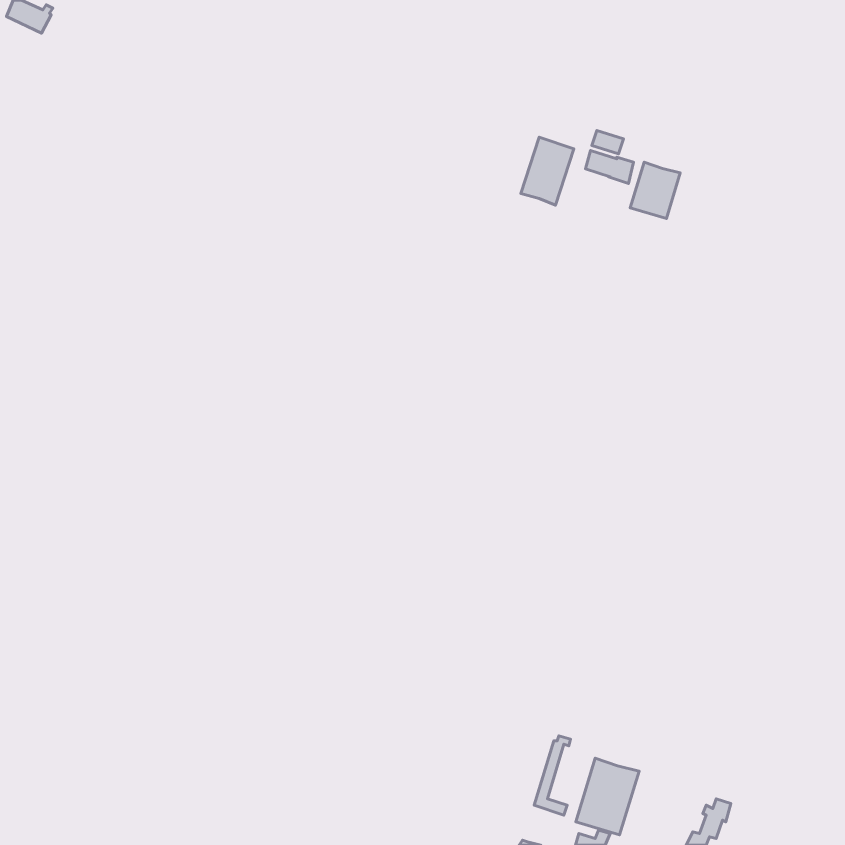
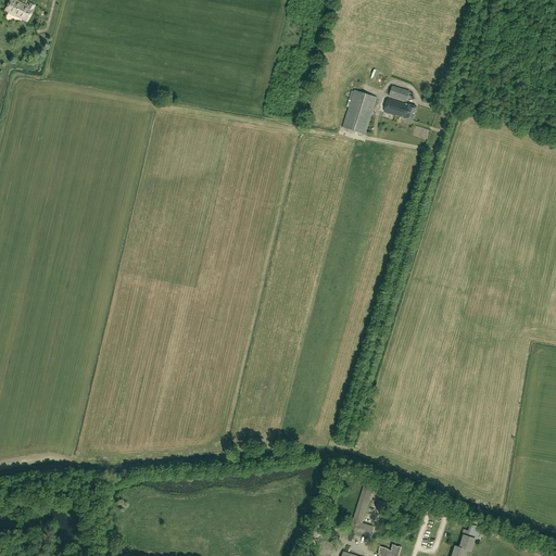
building: [630,162,680,218] -> none
building: [576,758,639,835] -> none

